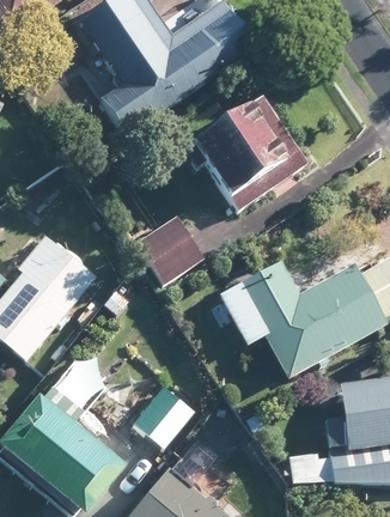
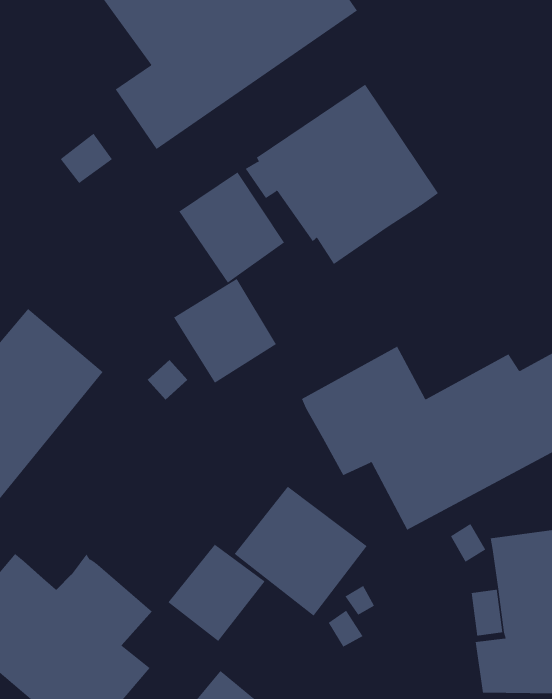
building: none -> [178,172,285,283]
building: none -> [234,486,368,616]

